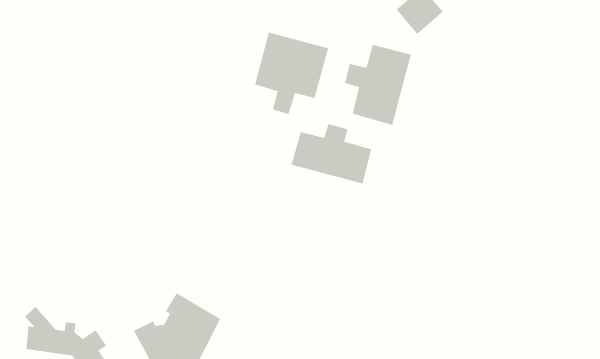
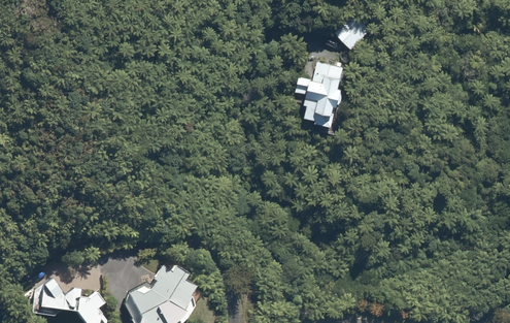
building: [254,32,329,115] -> none
building: [291,123,372,185] -> none

